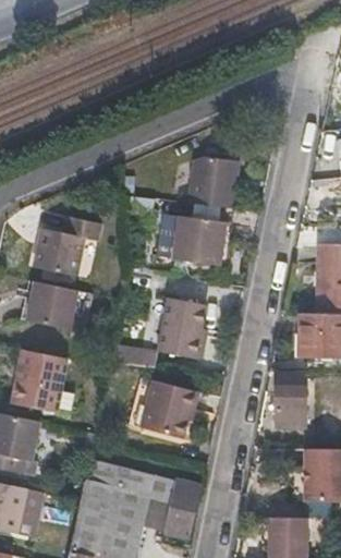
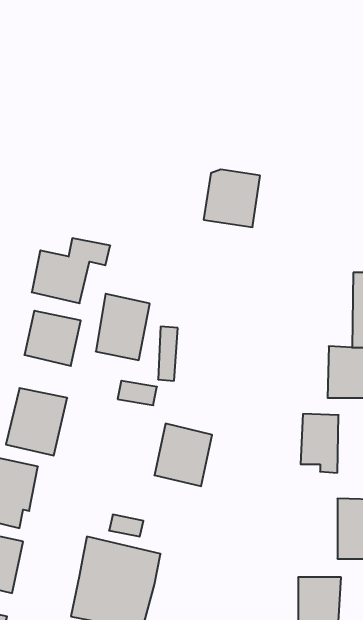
building: [174,214,224,264] -> none
building: [163,295,211,354] -> [96,294,150,360]
building: [165,477,202,539] -> none

